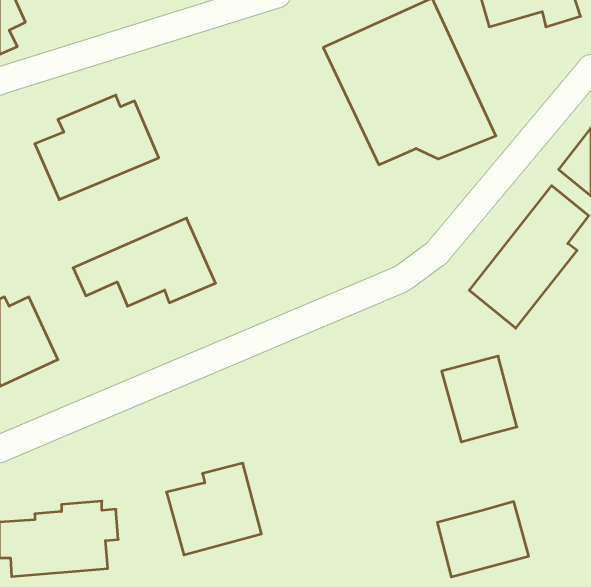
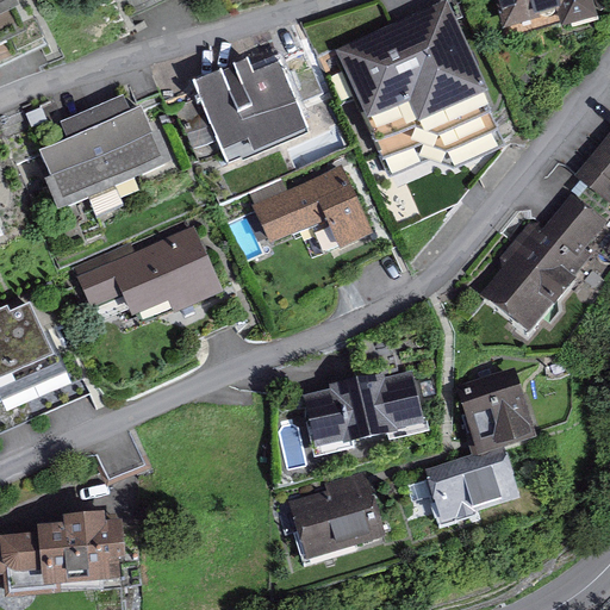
building: none -> [193,55,310,148]
building: none -> [250,161,371,247]
building: none -> [301,369,423,452]
building: [166,463,261,555] -> [286,468,384,562]
building: [437,502,529,577] -> [425,446,519,523]

